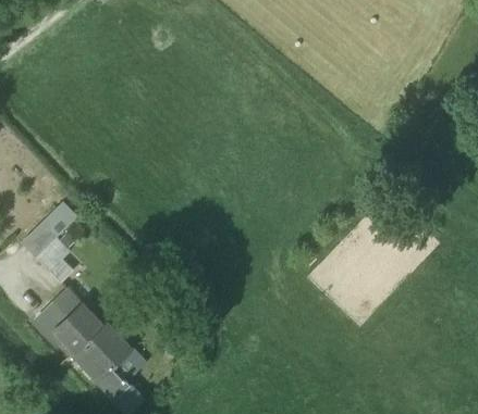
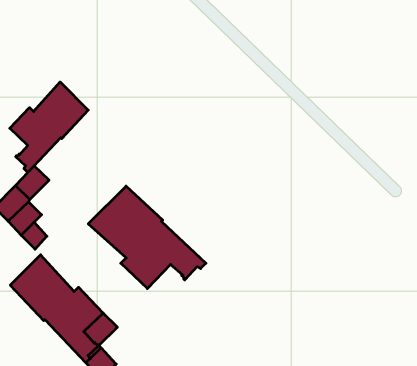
building: none -> [10,82,88,172]
building: none -> [88,186,206,289]

